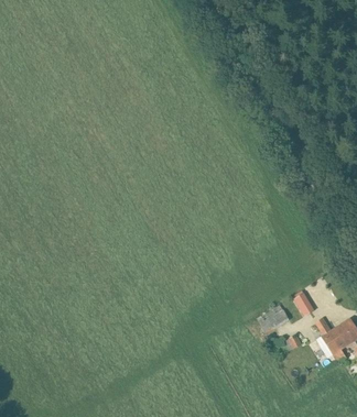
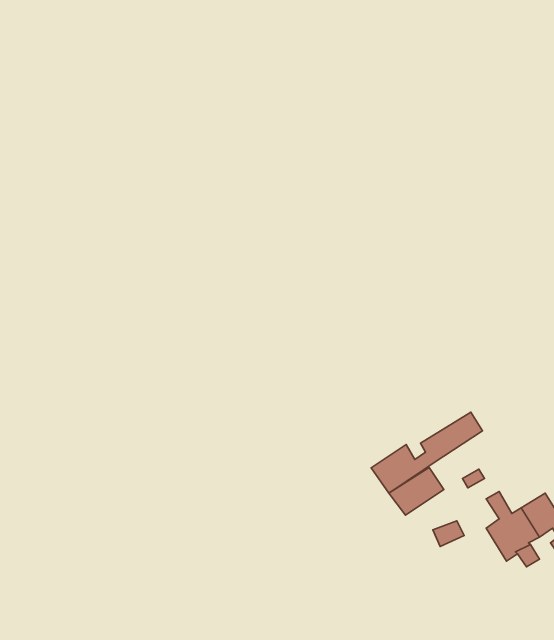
building: none -> [371,412,483,493]

